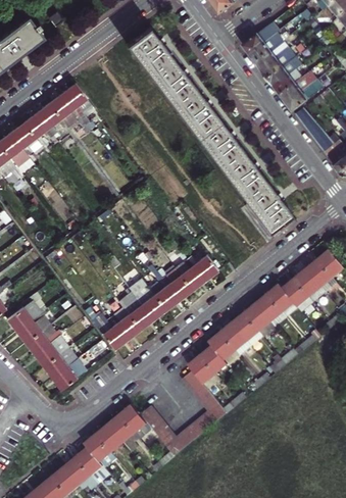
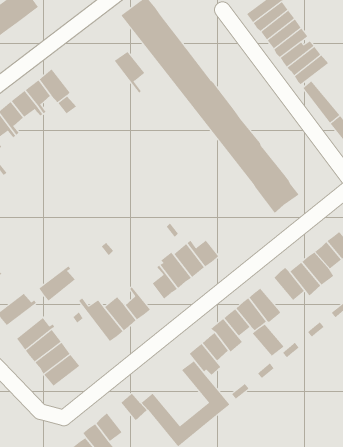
building: [60,86,90,126] -> [114,51,145,93]
building: [131,283,165,321] -> none
building: [256,292,287,322] -> [252,324,285,356]
building: [17,315,52,349] -> [38,266,75,301]
building: [112,409,142,444] -> none

